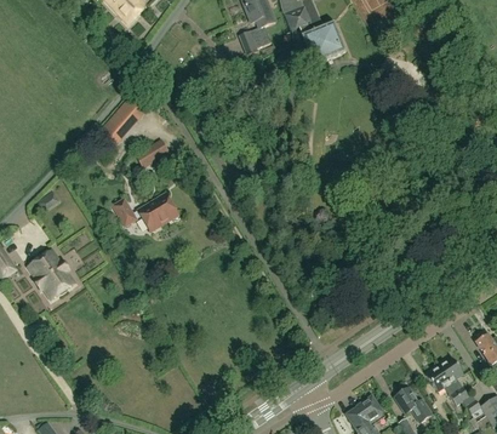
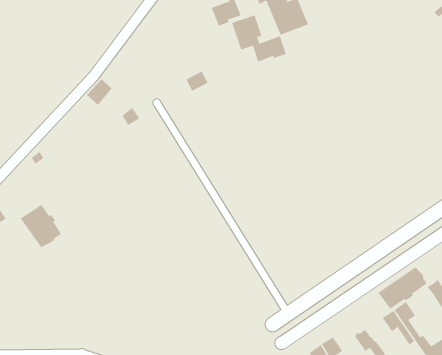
building: none -> [231,14,286,62]
building: [113,194,178,232] -> none
building: none -> [377,267,427,309]

